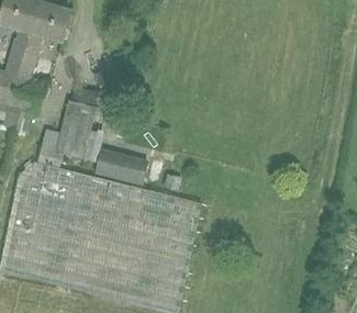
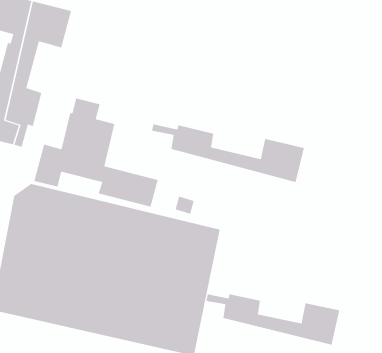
building: none -> [151,123,305,183]
building: none -> [206,293,340,345]

